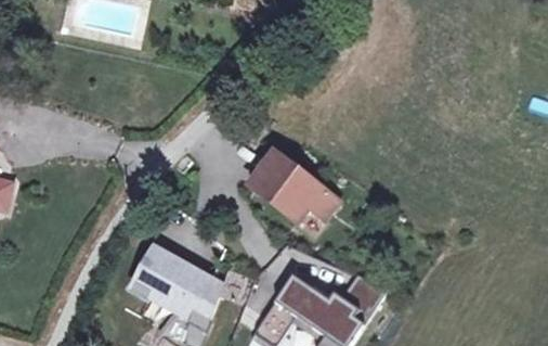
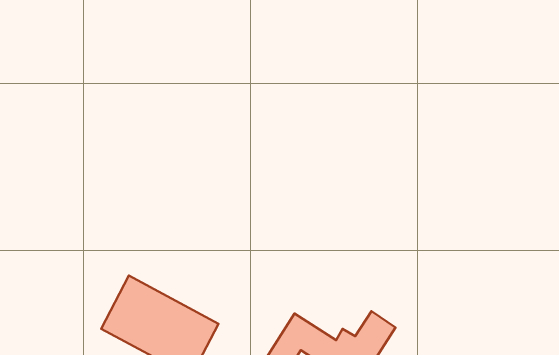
building: [245,148,344,238] -> none

